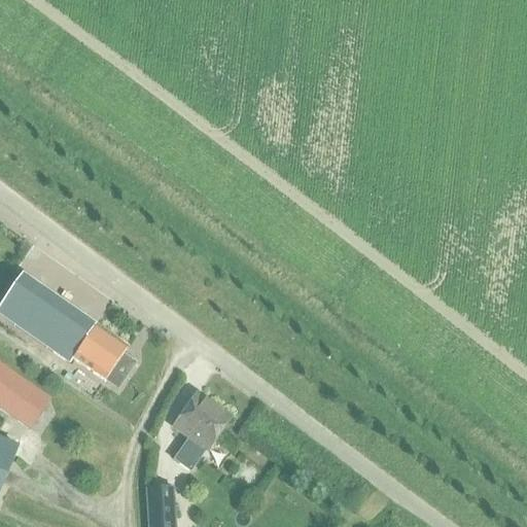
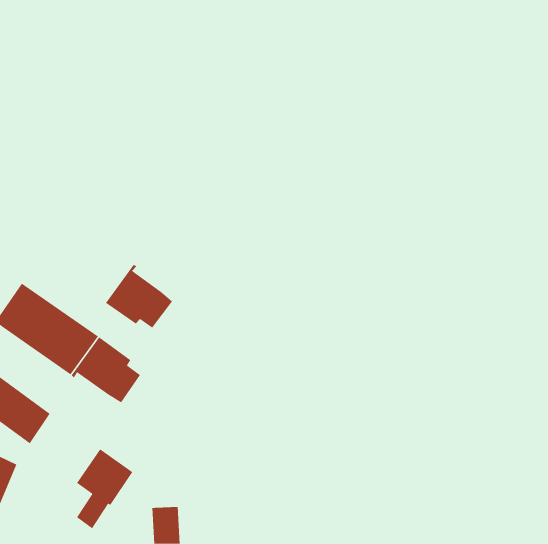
building: none -> [105,264,173,328]
building: [173,392,227,469] -> [76,449,133,529]

